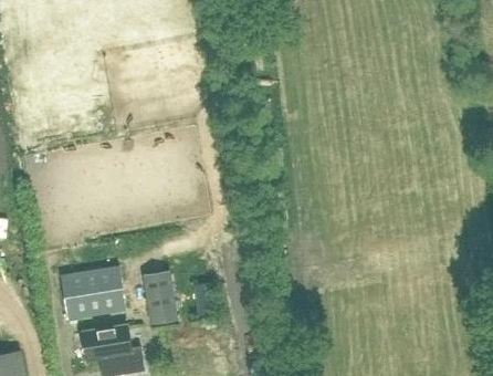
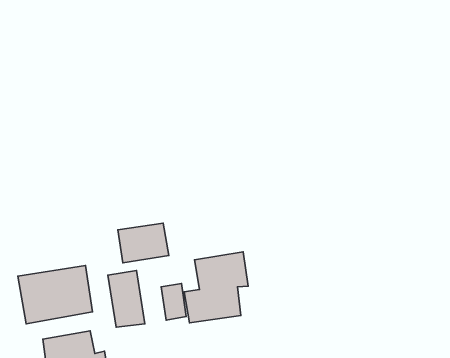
building: none -> [118,223,169,263]
building: none -> [184,252,248,323]

